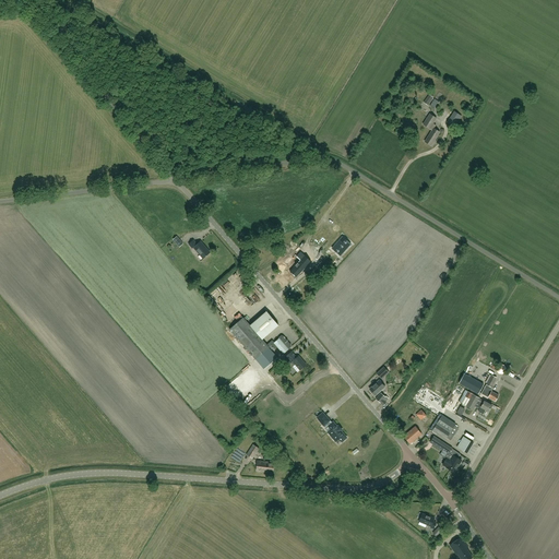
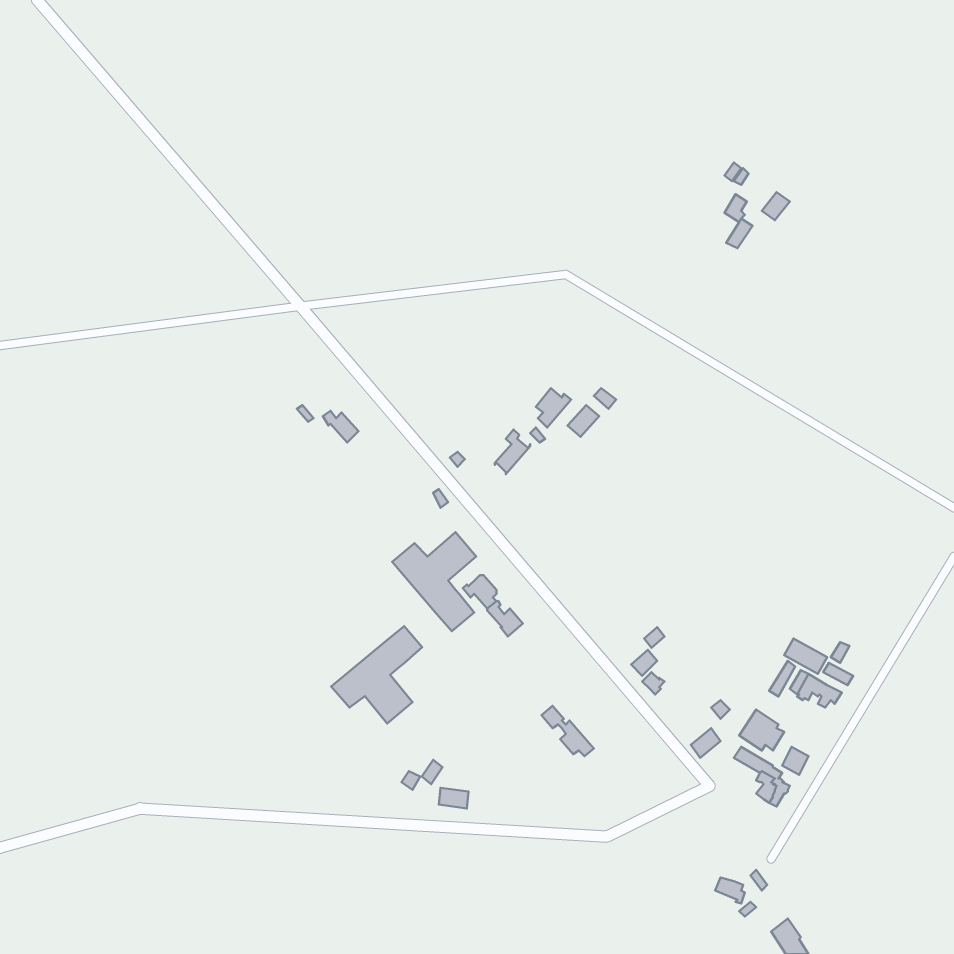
building: none -> [331,626,422,723]

